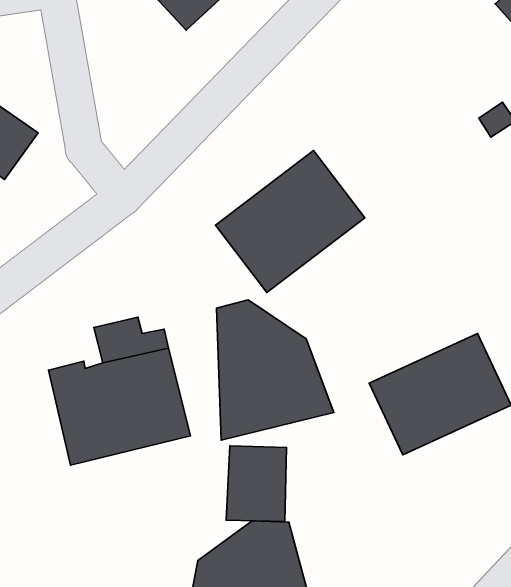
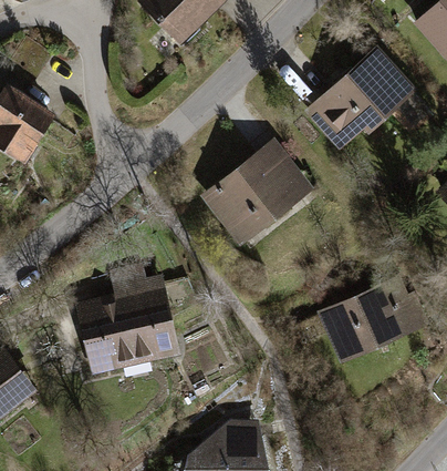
building: none -> [300,45,419,155]
building: [217,300,334,440] -> none
building: [226,446,286,522] -> none

